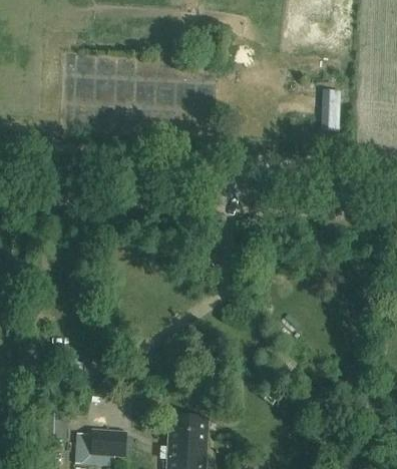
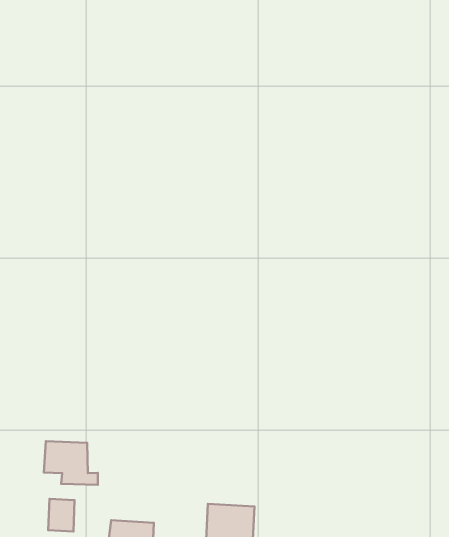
building: [322,89,340,130] -> none
building: none -> [44,441,98,485]

